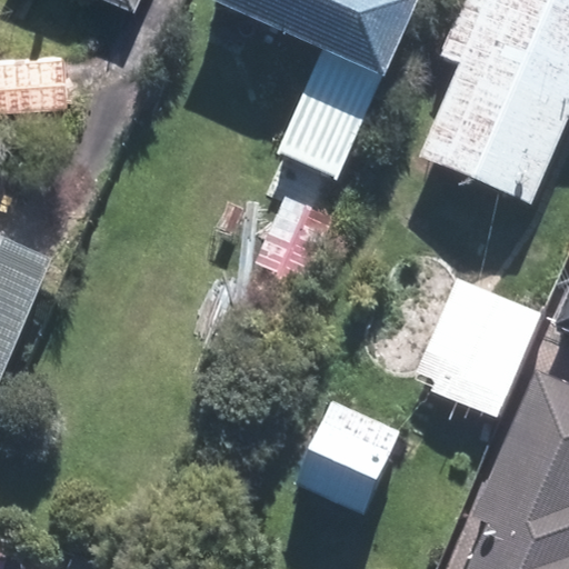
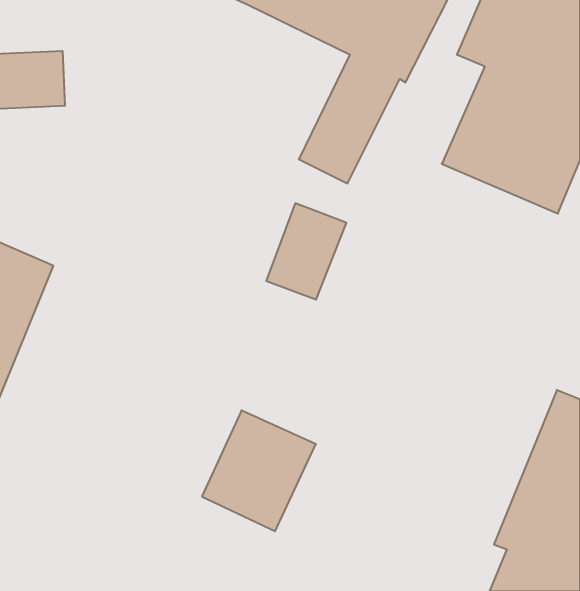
building: [412,278,540,417] -> none
building: [295,402,403,518] -> [202,410,316,531]

